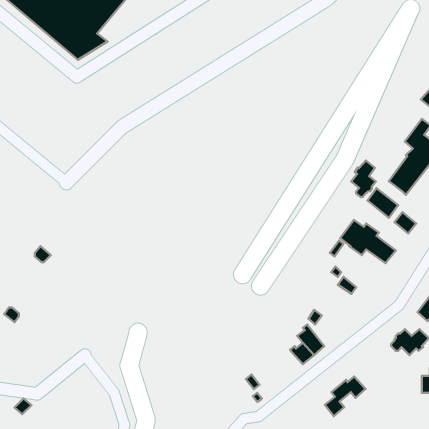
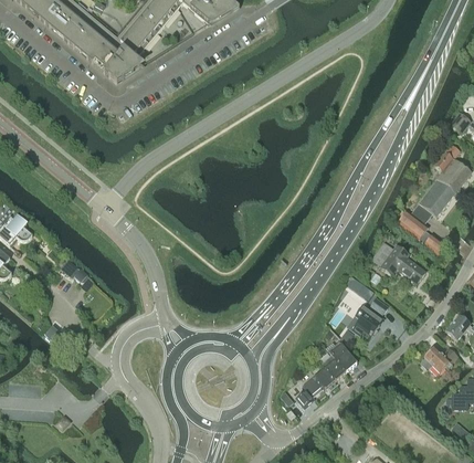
building: [351,161,376,197] -> none
building: none -> [347,304,383,340]
building: [325,376,366,416] -> [295,369,335,408]

